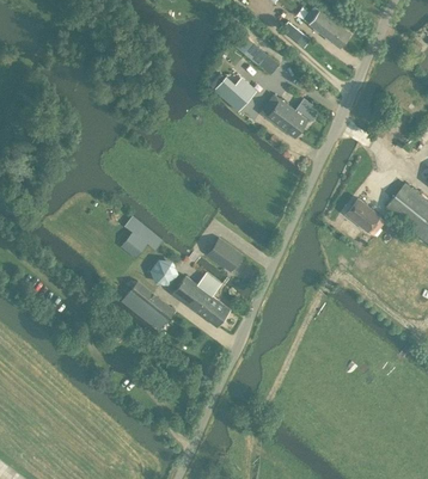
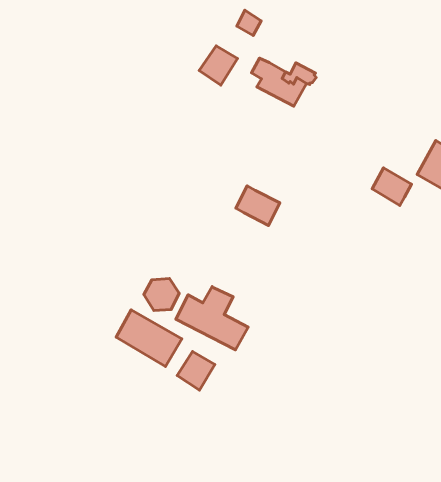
building: [121,216,163,258] -> none
building: [207,238,243,272] -> [236,186,280,226]
building: none -> [177,351,215,390]

